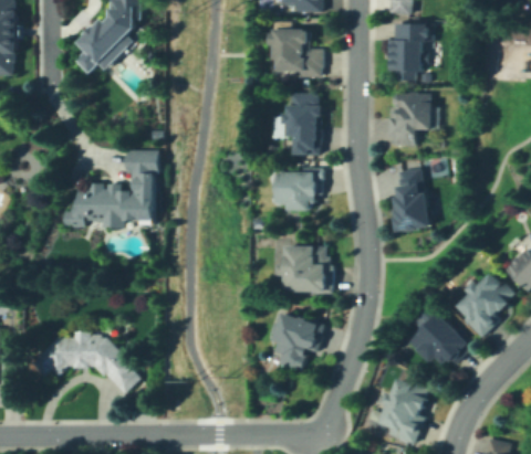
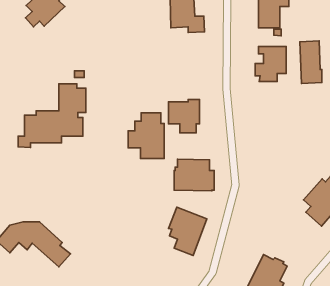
building: [274,93,323,155] -> [128,113,164,159]
building: [395,170,425,228] -> [300,41,322,83]
building: [412,312,471,365] -> none

